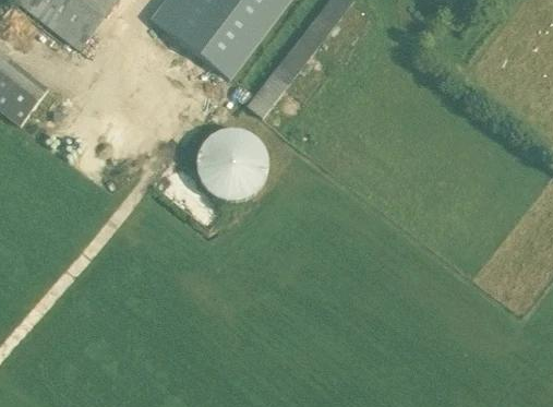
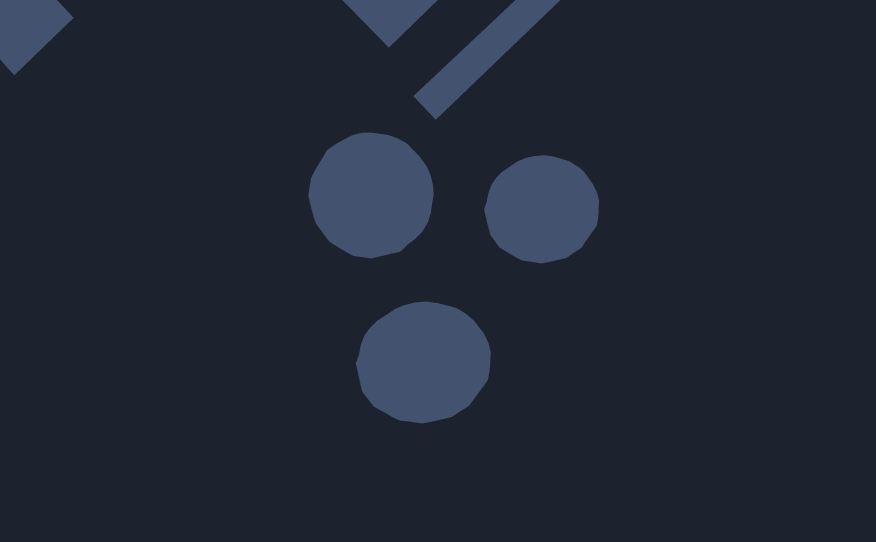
building: none -> [484,154,600,264]
building: none -> [355,301,491,424]

